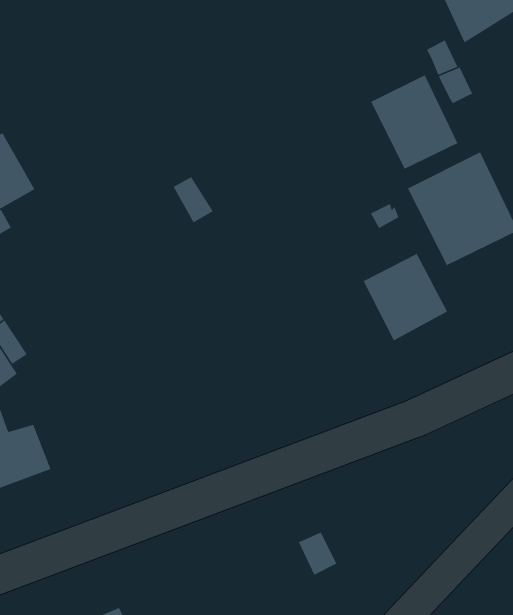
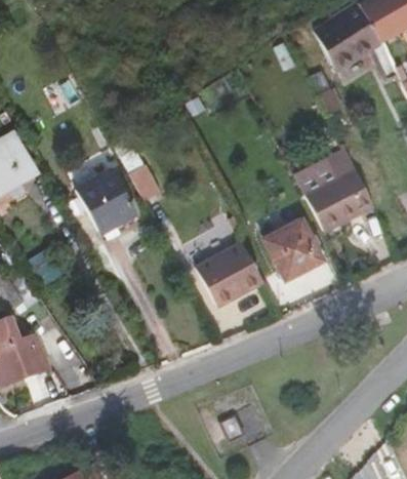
building: [370,74,458,170] -> none
building: none -> [75,166,138,234]
building: none -> [196,241,263,307]

